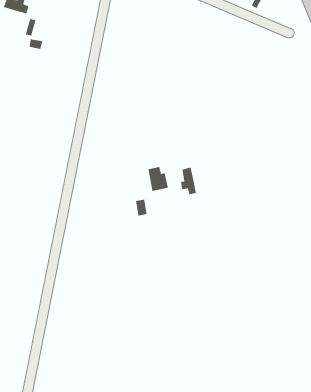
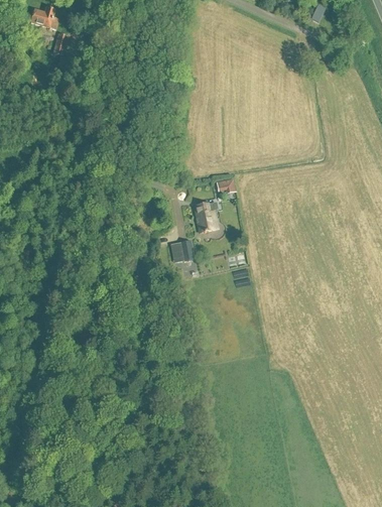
building: [180,167,197,195] -> none

